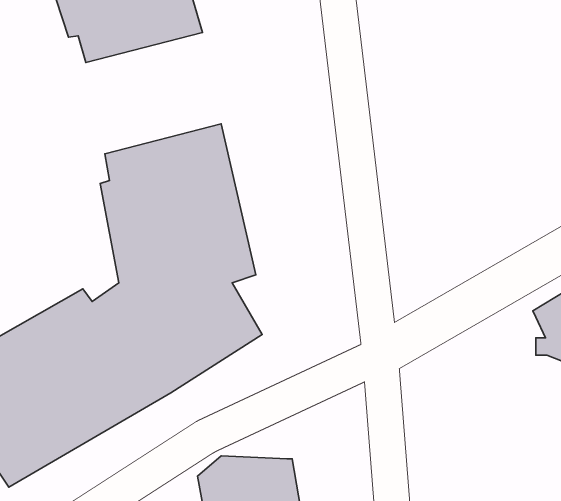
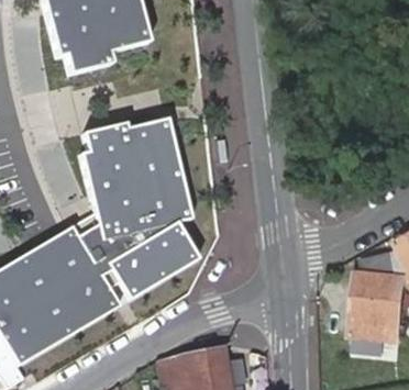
building: none -> [349,260,399,335]

